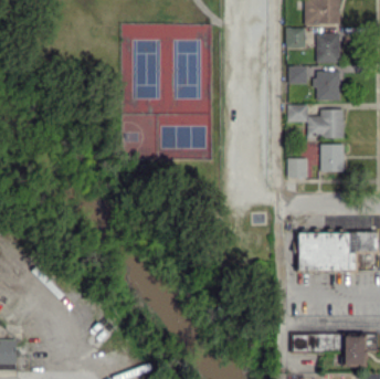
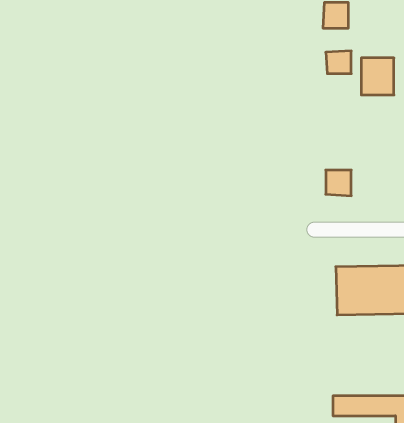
building: [317,32,341,62] -> none
building: [288,104,345,138] -> none
building: [321,145,345,171] -> none

